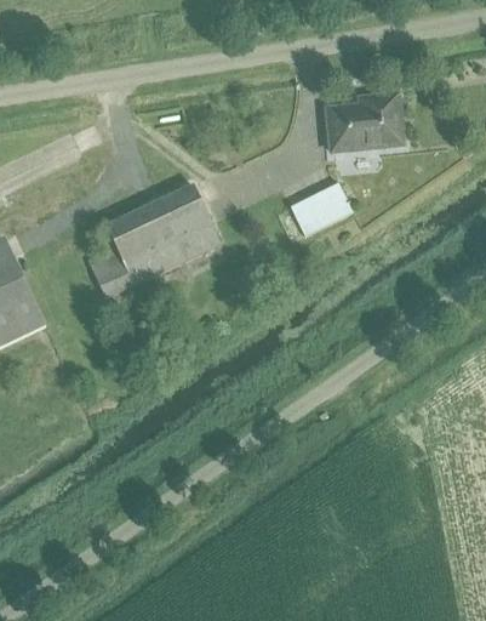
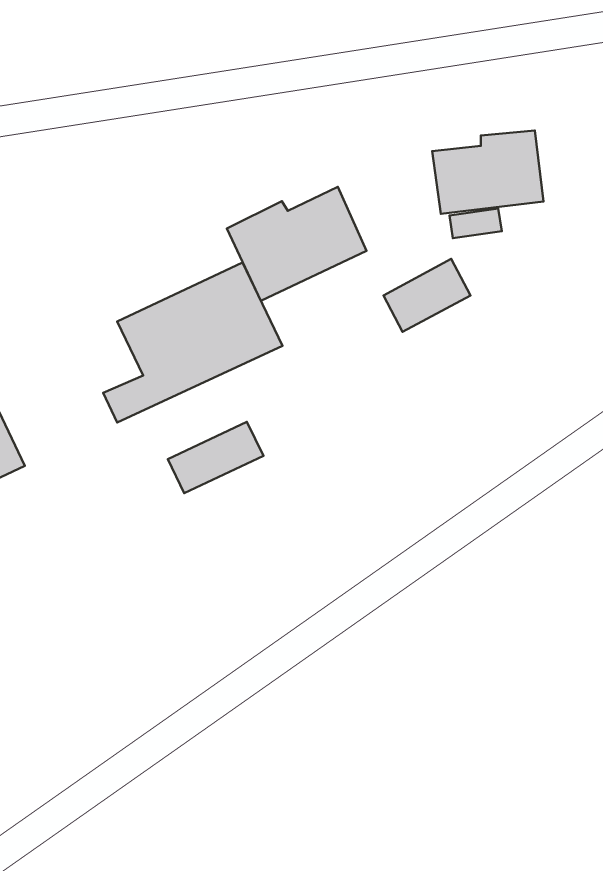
building: none -> [227,187,366,301]
building: none -> [168,422,263,493]

